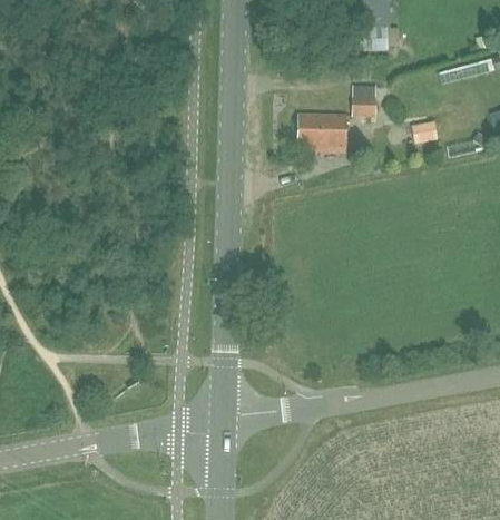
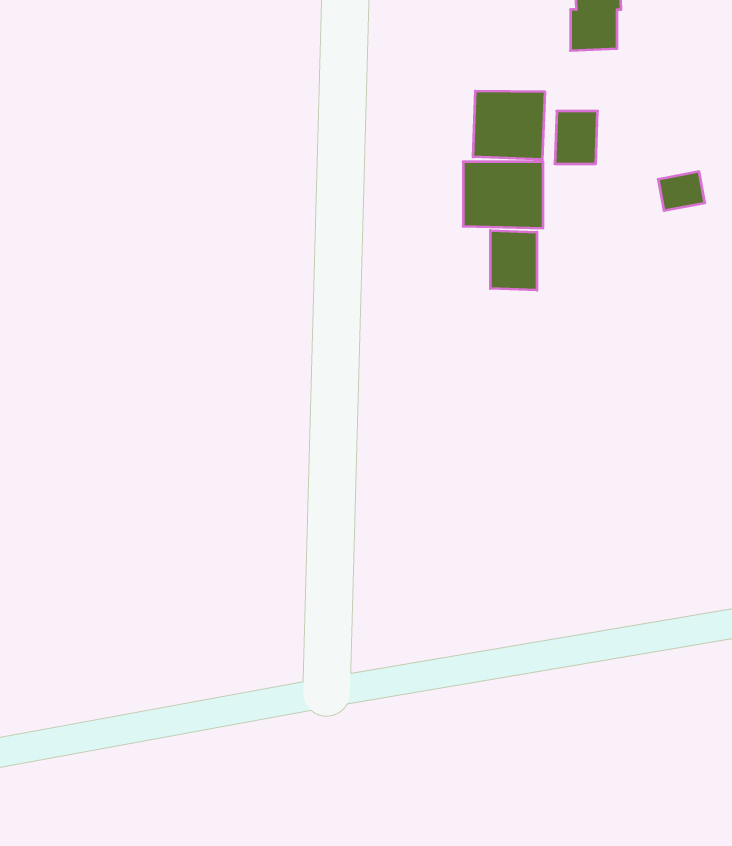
building: none -> [473,91,545,159]
building: none -> [490,230,537,290]

